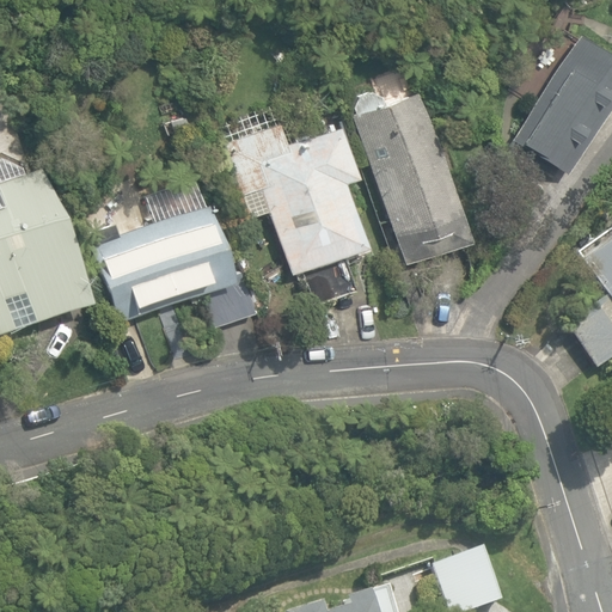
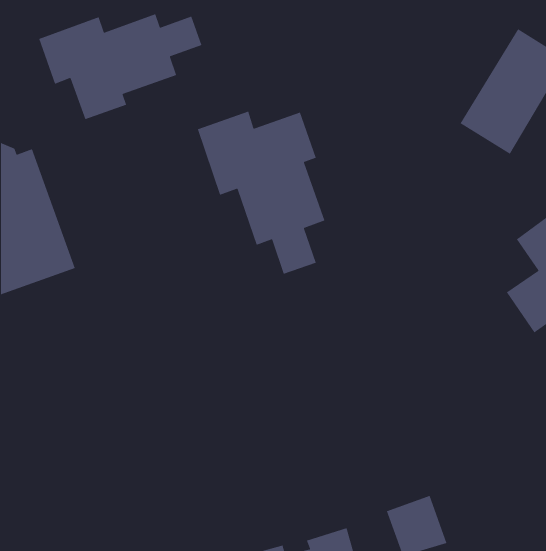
building: none -> [38,13,202,120]
building: [354,91,472,264] -> none
building: [88,179,256,326] -> none

